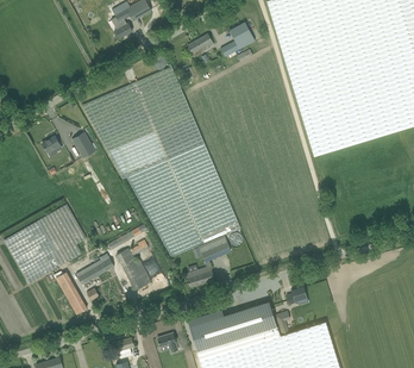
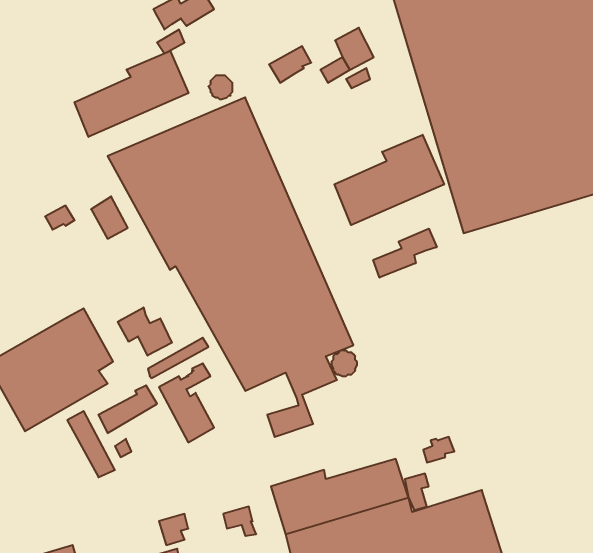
building: none -> [75,51,188,137]
building: none -> [334,135,444,225]
building: none -> [373,229,437,278]
building: none -> [118,307,172,356]

